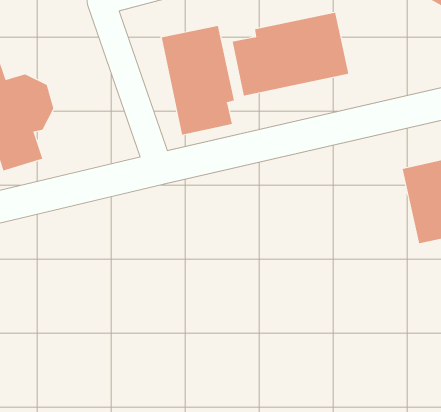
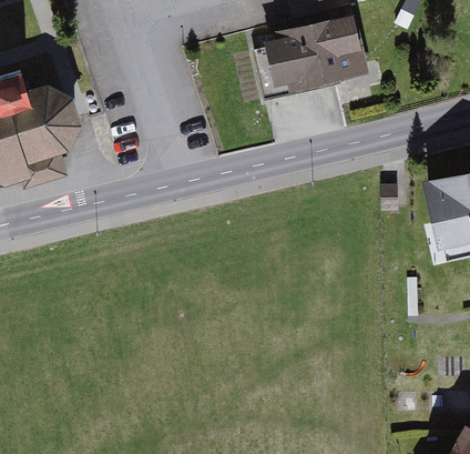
building: [161,25,234,135] -> none

